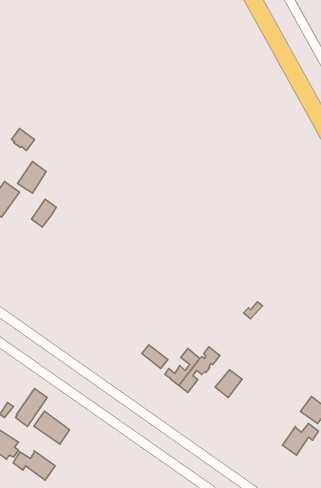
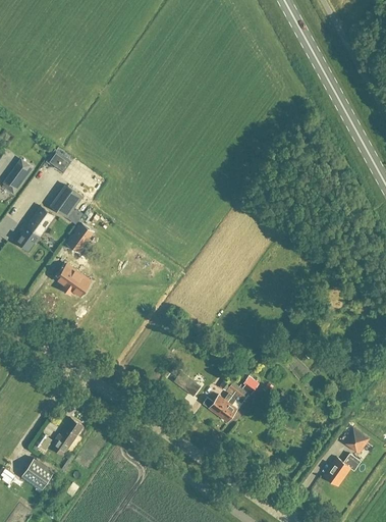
building: none -> [54,263,88,295]
building: [215,370,242,397] -> none
building: [34,411,69,444] -> none
building: [13,451,55,480] -> none

